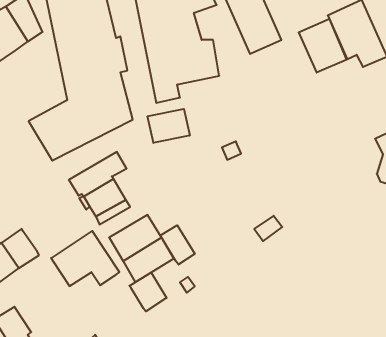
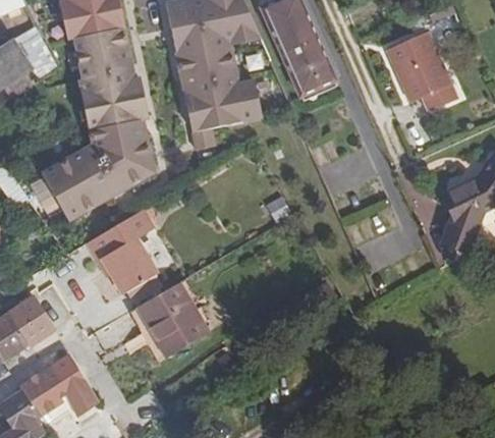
building: [299,19,347,73] -> none
building: [148,109,190,143] -> none
building: [160,225,195,265] -> none
building: [51,231,119,286] -> [21,353,101,418]
building: [129,273,167,311] -> none

